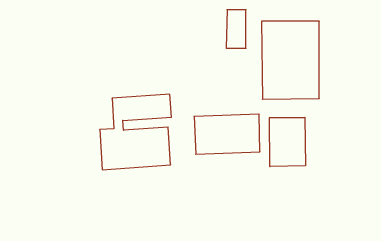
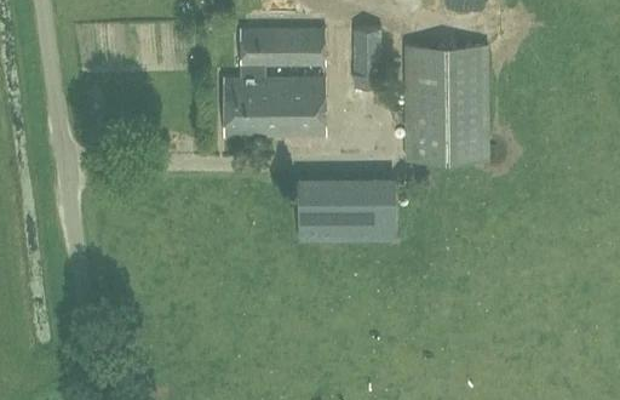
building: [100,94,171,170] -> [220,24,326,136]
building: [269,117,305,167] -> none

